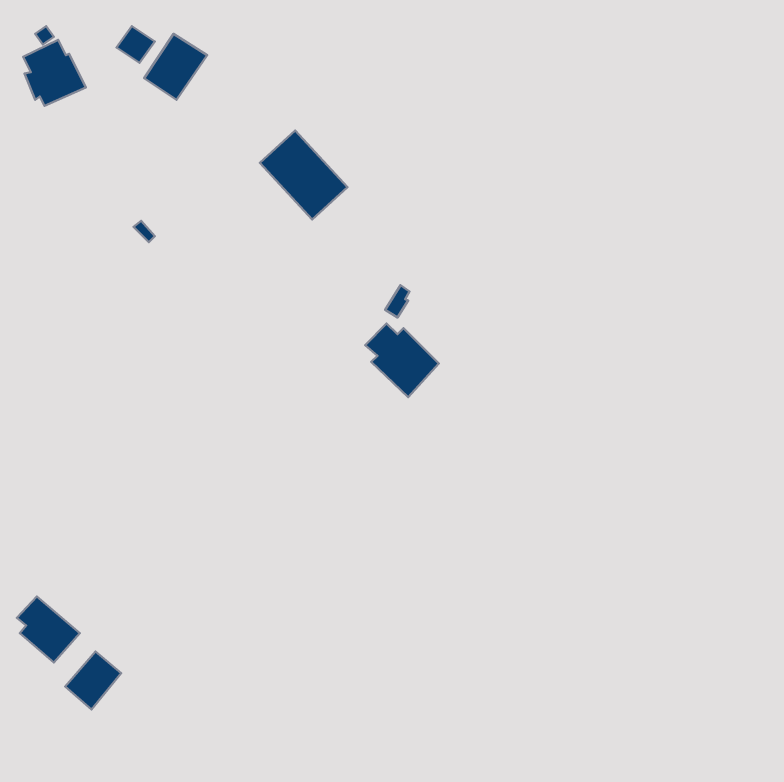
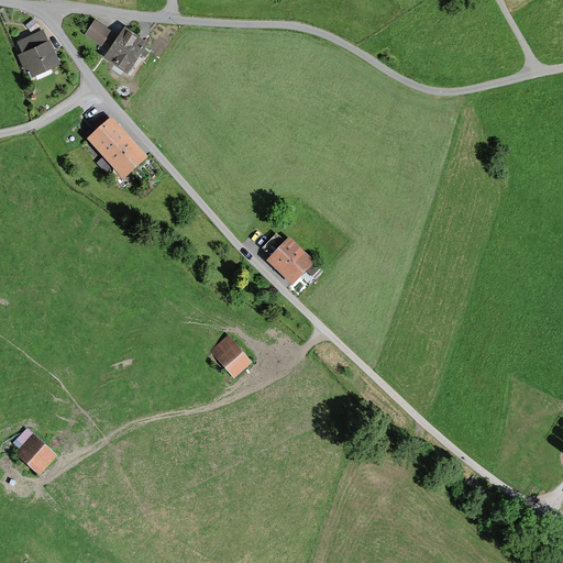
building: [260,130,347,219] -> [86,117,148,180]
building: none -> [210,335,253,379]
building: [65,651,121,710] -> none

